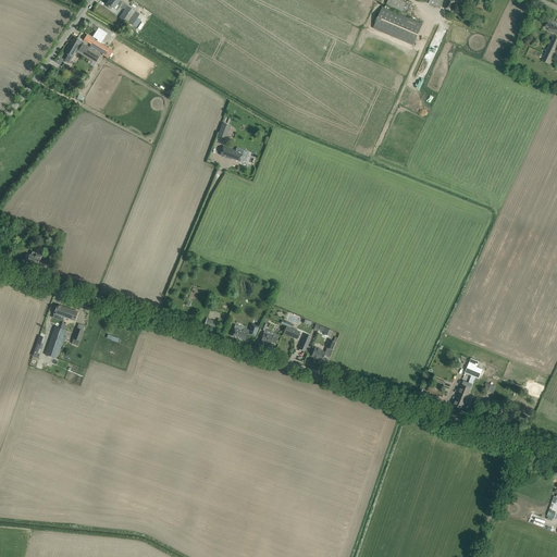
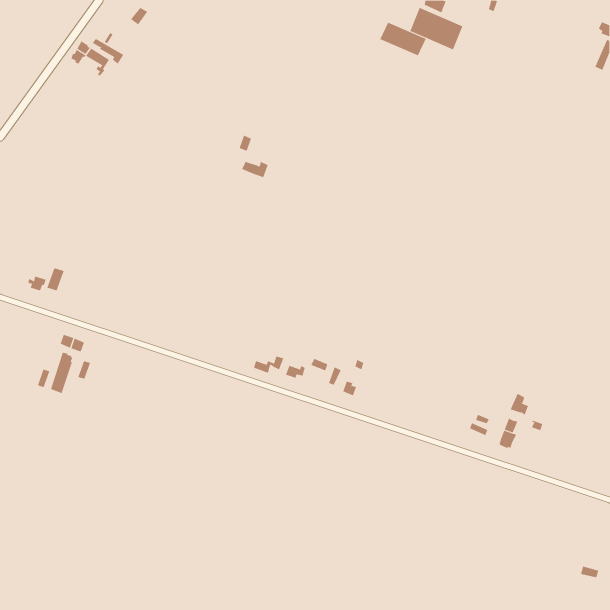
building: none -> [379,22,427,56]

